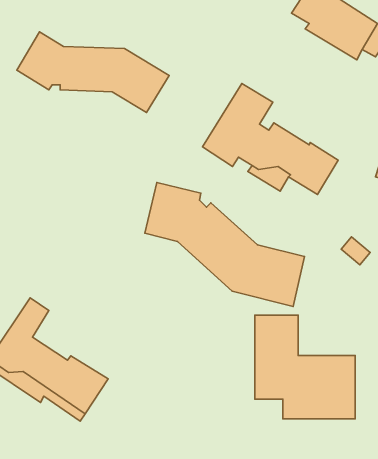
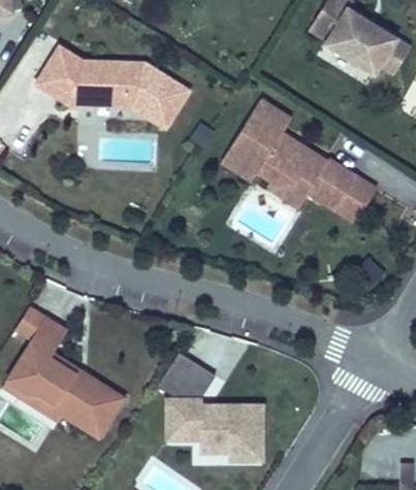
building: none -> [334,177,374,223]
building: [145,182,304,307] -> none
building: [255,315,355,419] -> [165,360,265,463]

